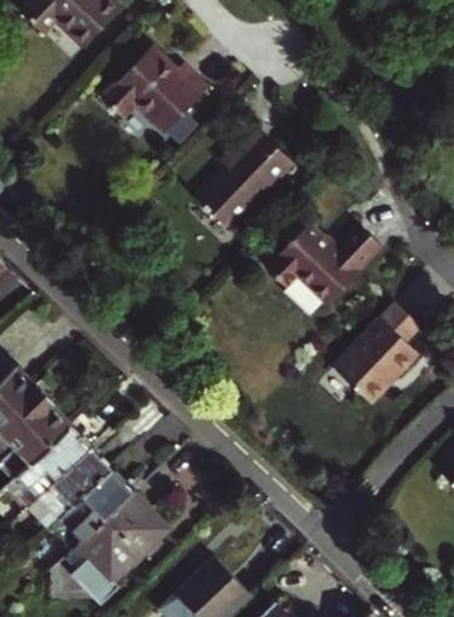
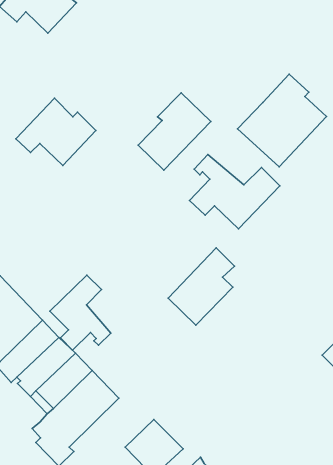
building: [100,47,205,135] -> [16,98,96,165]
building: none -> [238,74,326,167]
building: [334,304,420,405] -> [168,248,235,325]
building: none -> [50,275,111,350]

